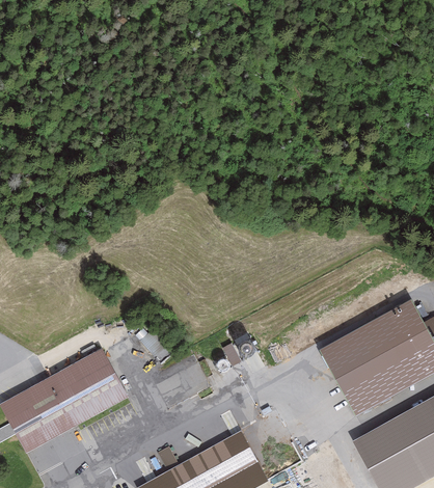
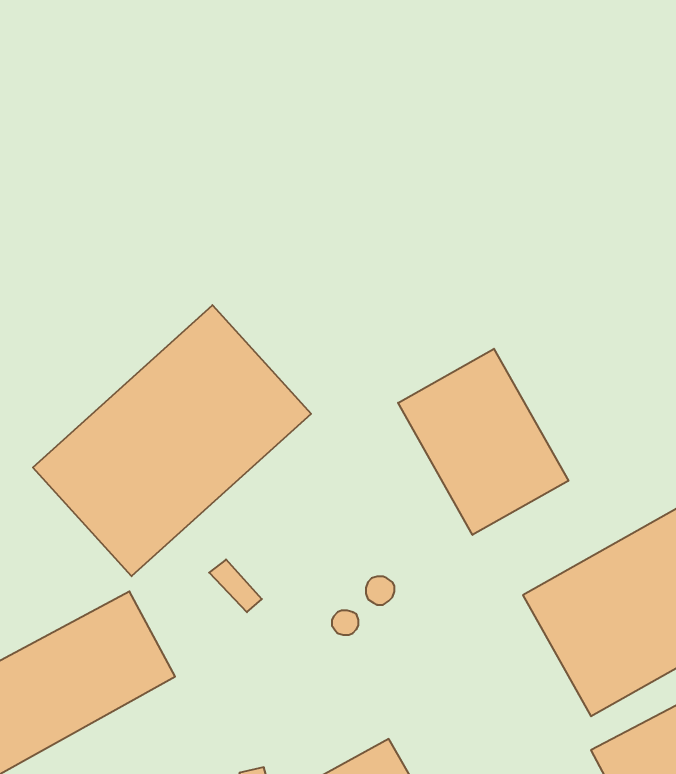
building: none -> [33,305,311,576]
building: none -> [398,349,568,535]

